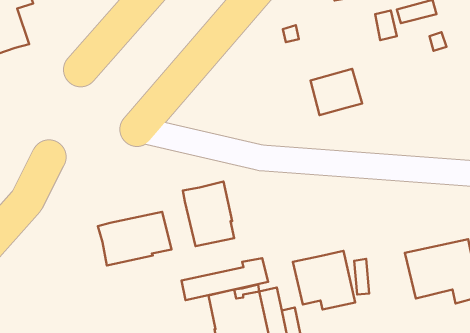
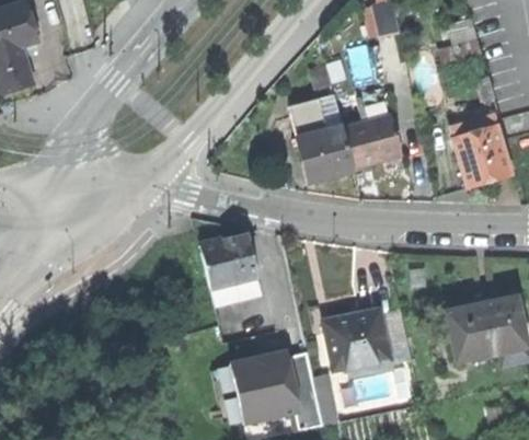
building: none -> [288,88,354,175]
building: none -> [450,111,509,180]
building: [98,212,172,266] -> none
building: [182,258,268,300] -> none

